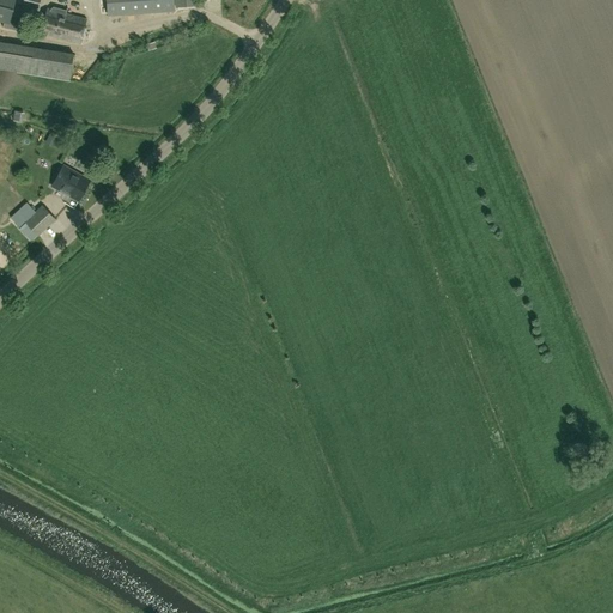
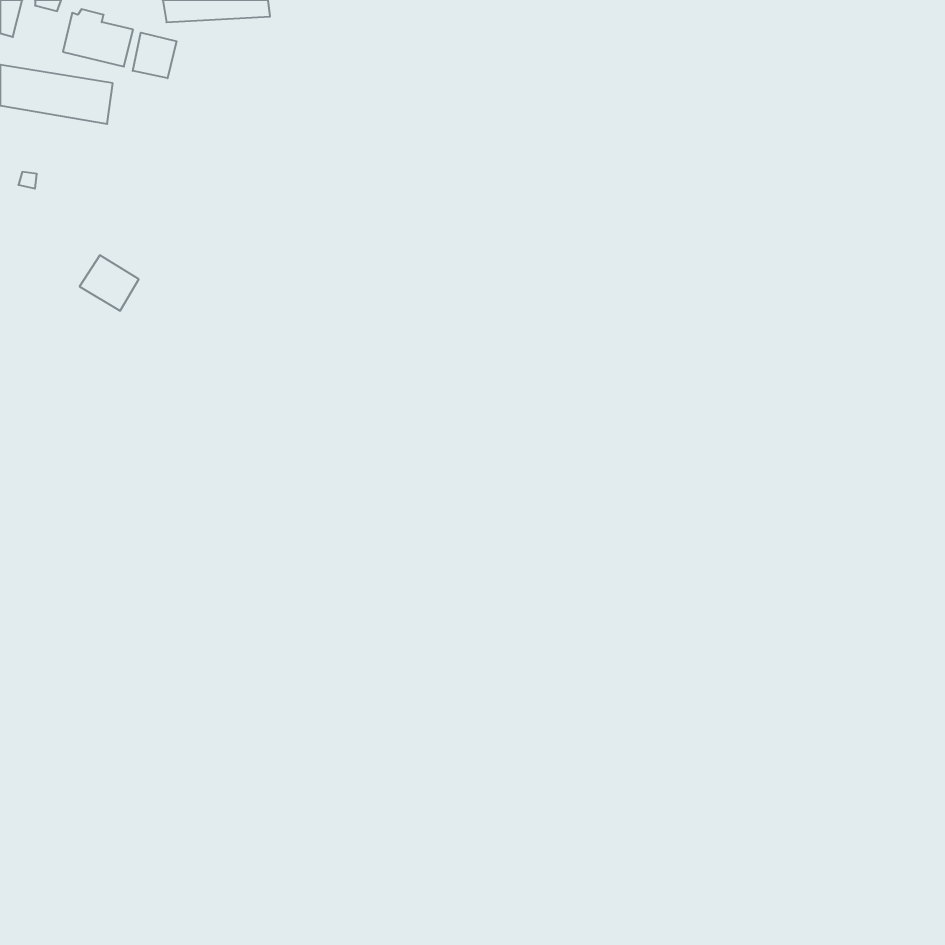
building: none -> [133,33,177,78]
building: [20,205,56,236] -> none

